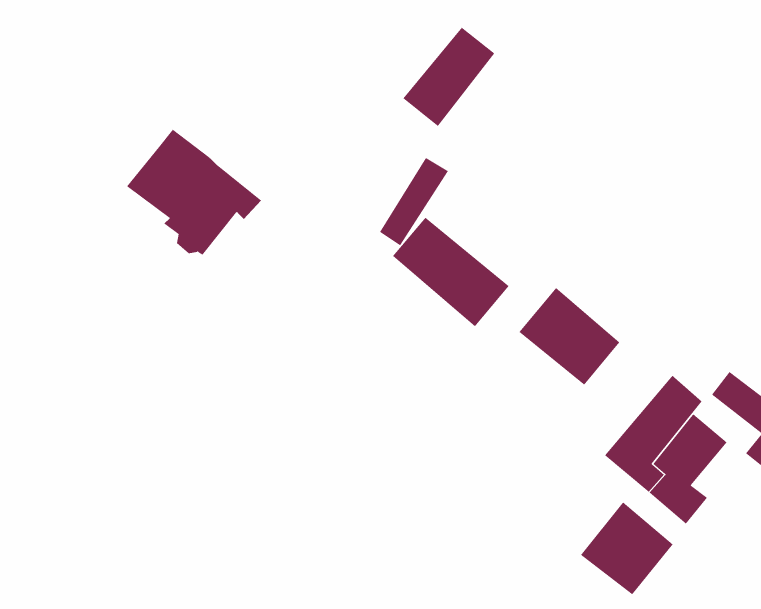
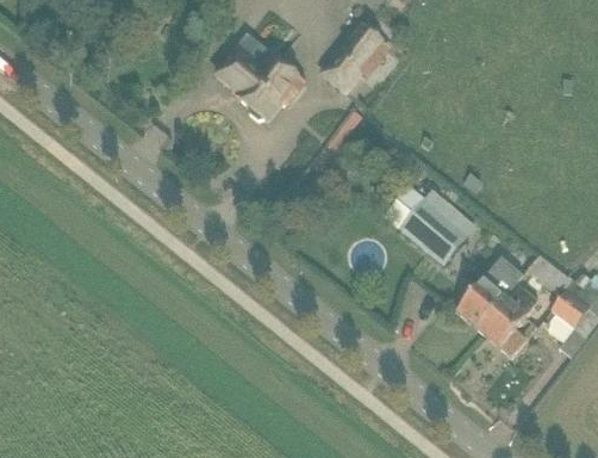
building: [126,129,262,256] -> [217,35,307,119]
building: [392,217,509,327] -> none
building: [580,501,674,595] -> none

